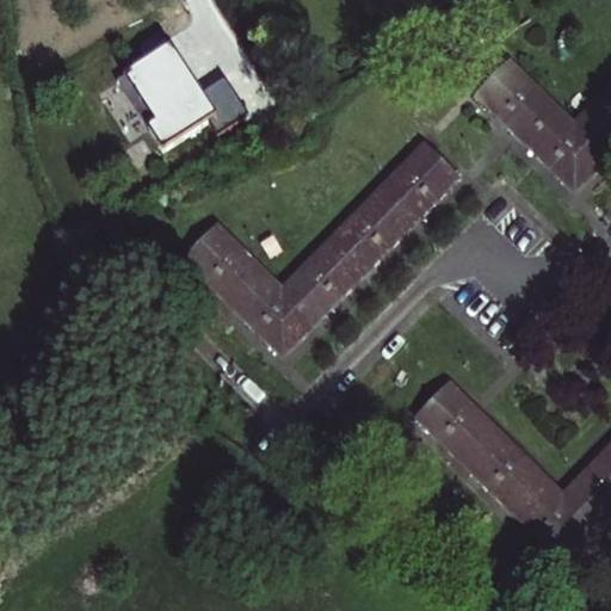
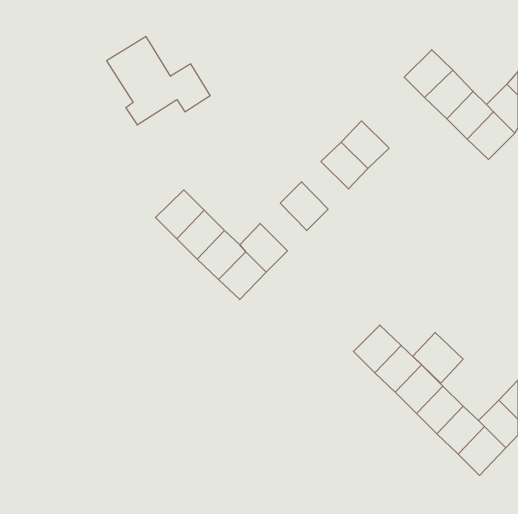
building: [354,190,409,246] -> none
building: [306,239,360,295] -> none
building: none -> [413,332,463,383]

